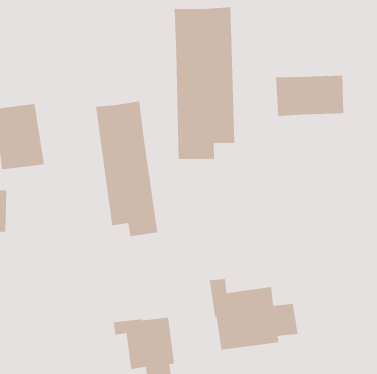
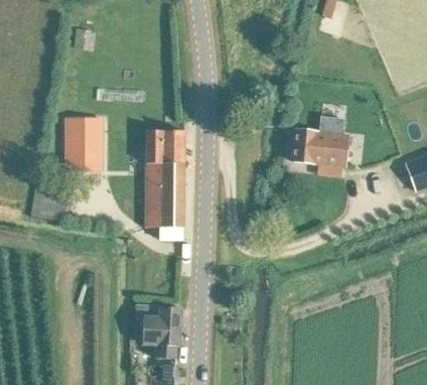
building: [174,6,235,160] -> none
building: [209,278,299,351] -> none

